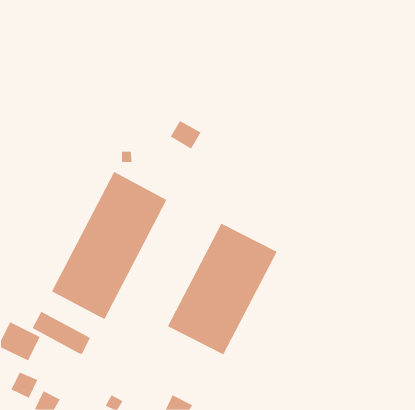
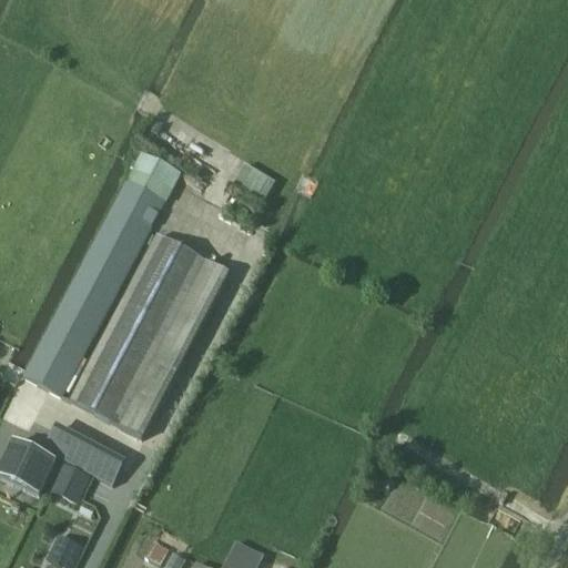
building: none -> [23,152,180,395]
building: [167,223,278,355] -> none
building: [11,372,38,398] -> [51,464,89,500]

